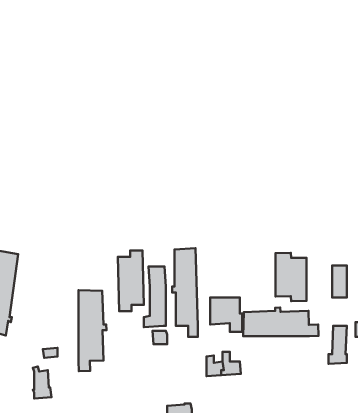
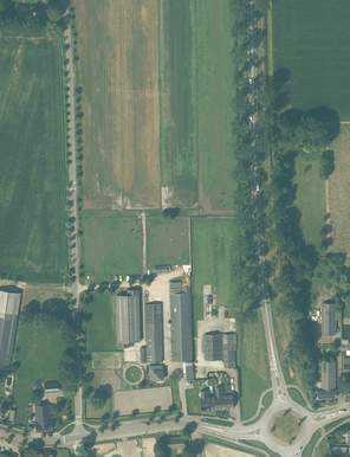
building: [276,253,306,301] -> none
building: [79,290,107,371] -> none
building: [243,308,319,336] -> none

